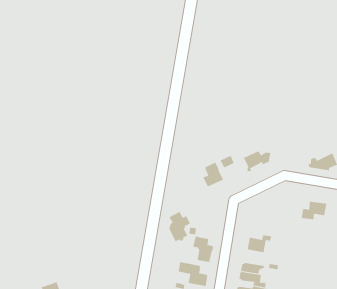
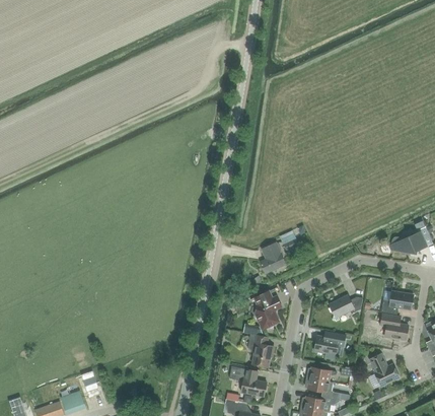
building: [243,150,271,172] -> [329,295,363,322]
building: [169,211,191,242] -> [255,291,282,329]
building: none -> [381,315,409,341]
building: none -> [369,353,400,387]

